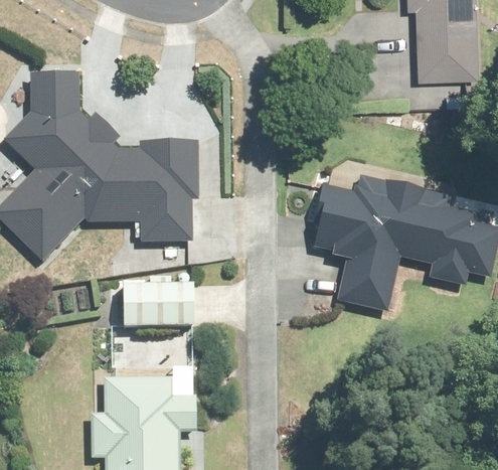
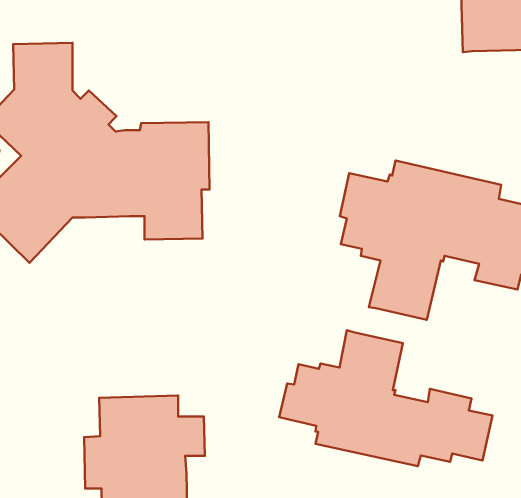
building: [120,283,191,325] -> none
building: none -> [279,330,492,466]

